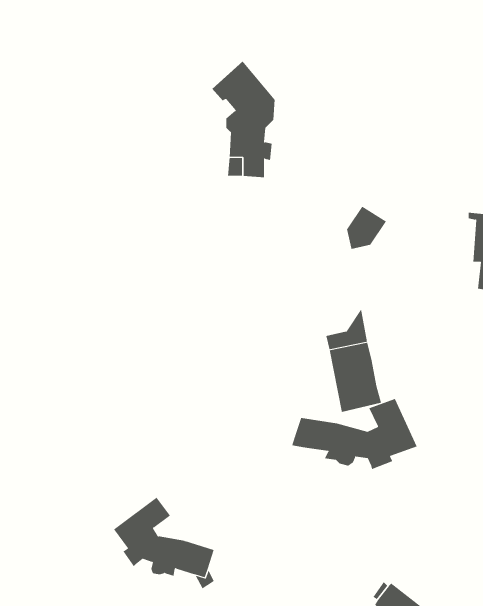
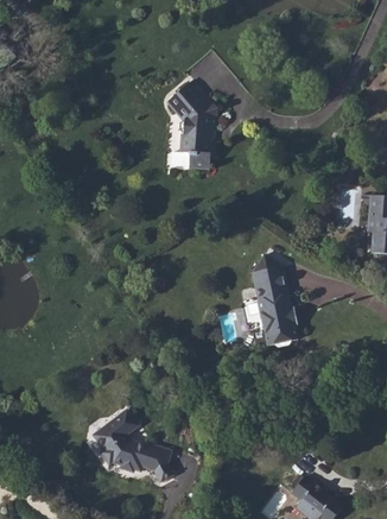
building: [346,206,387,250] -> [252,255,283,289]
building: [291,398,417,470] -> none

